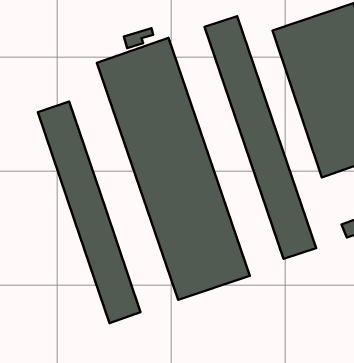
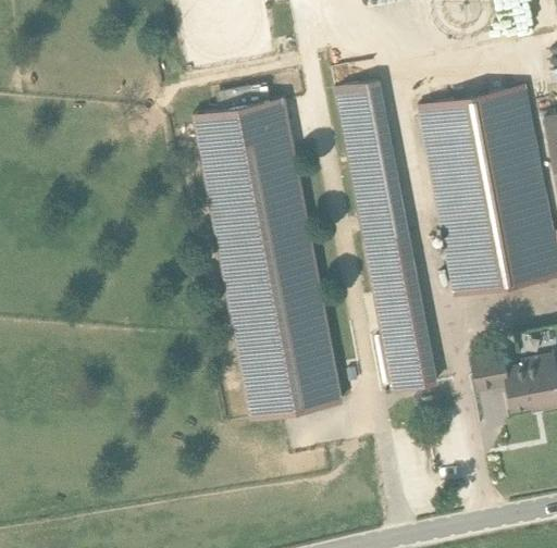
building: [38,101,141,323] -> none

